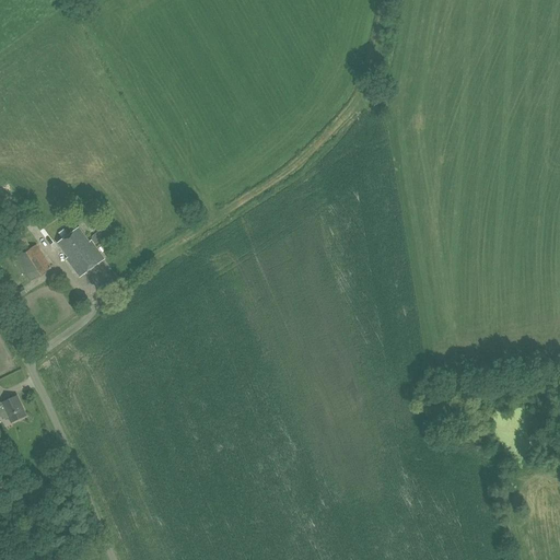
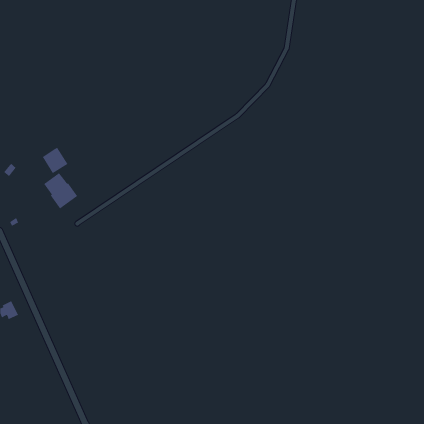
building: [14,244,49,280] -> [42,147,68,174]

